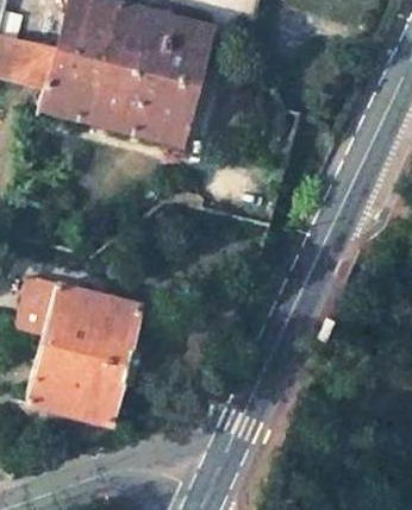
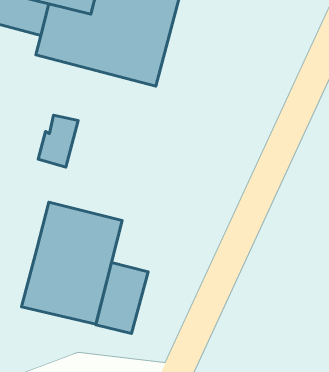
building: [13,277,60,338] -> [38,115,78,167]
building: none -> [96,262,148,334]

